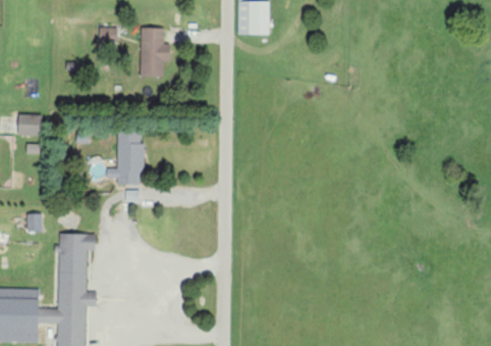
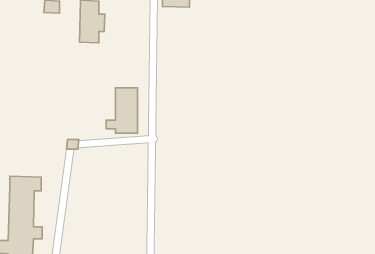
building: [106,131,143,184] -> [106,88,137,133]

